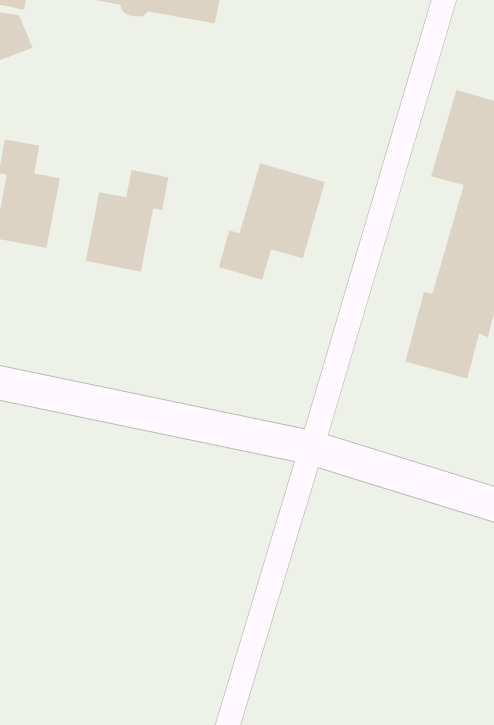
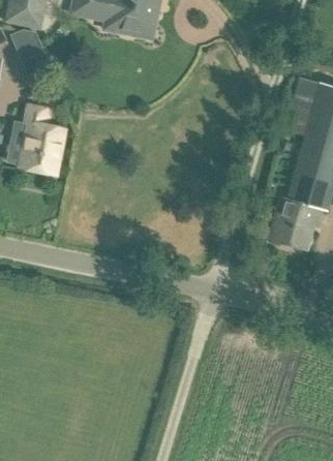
building: [218,163,325,280] -> none
building: [85,169,169,272] -> none

